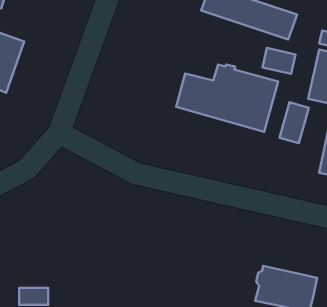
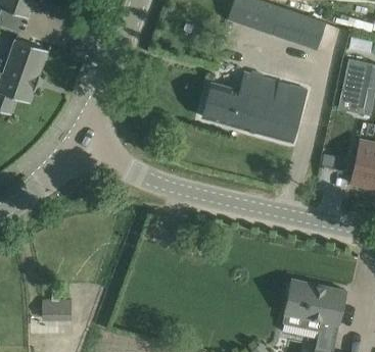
building: [262,48,296,74] -> none
building: [279,102,309,143] -> none

